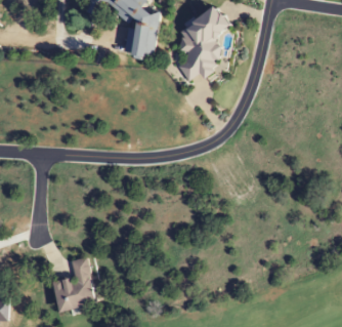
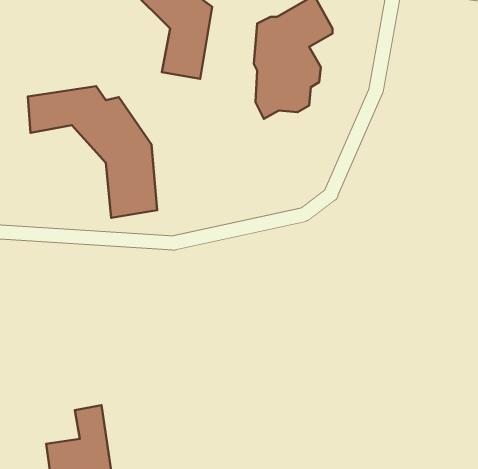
building: none -> [28,86,157,218]

